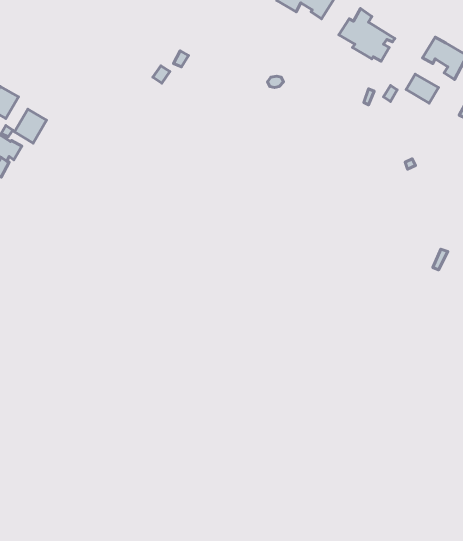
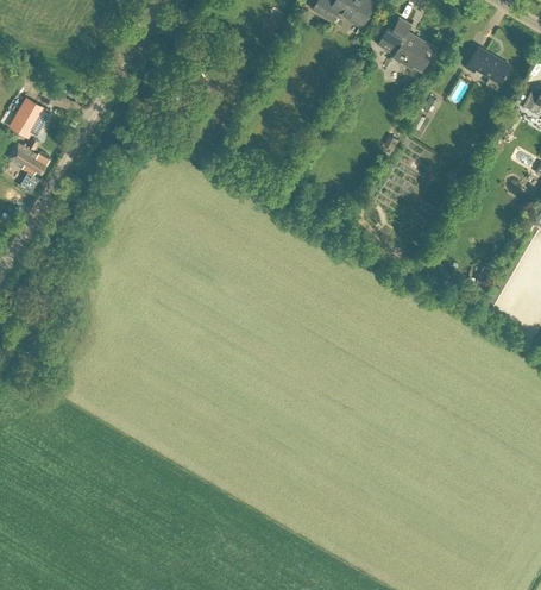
building: [406,74,438,103] -> none
building: [14,109,46,143] -> none

